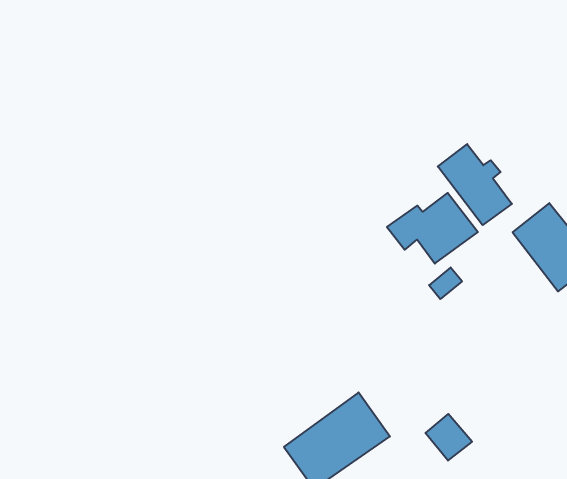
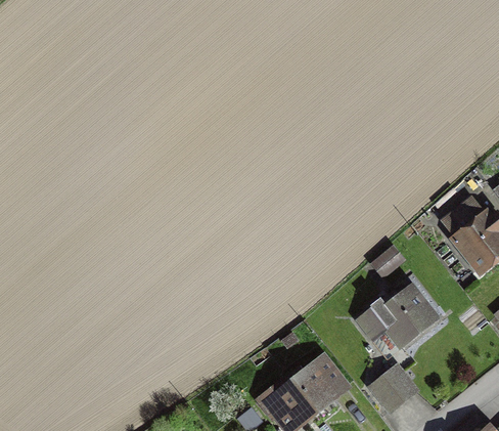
building: [438,144,512,225] -> none
building: [387,193,478,264] -> [360,289,434,346]

